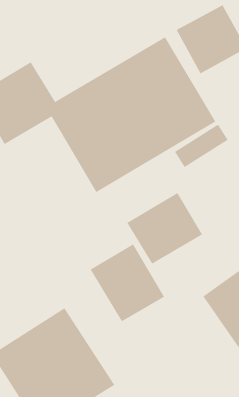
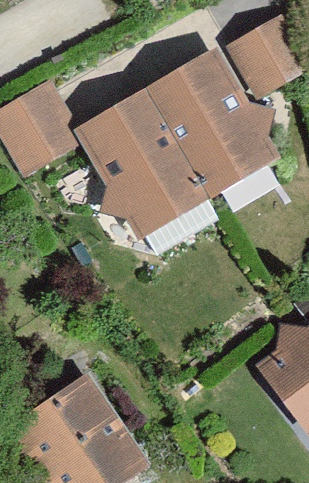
building: [127,192,203,265] -> none
building: [90,243,165,322] -> none

